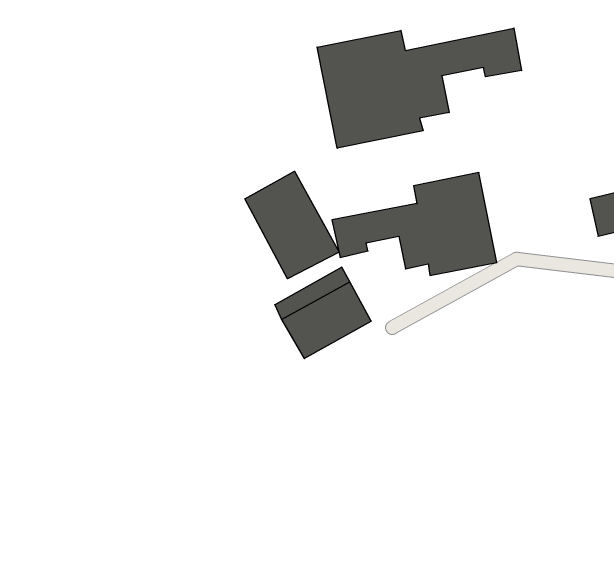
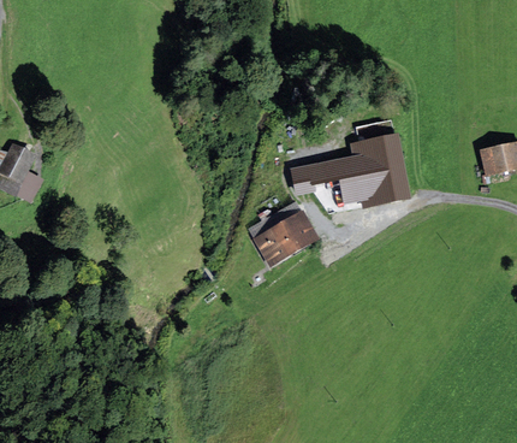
building: [317,28,522,148] -> none
building: [245,171,339,279] -> none

